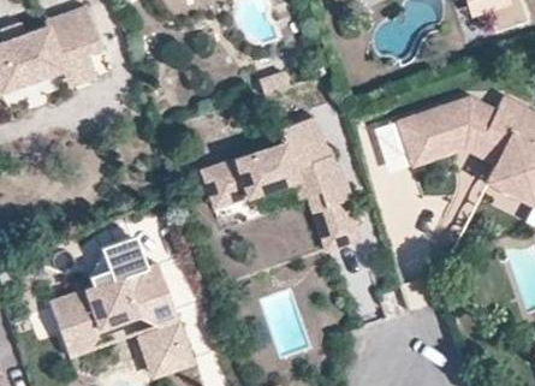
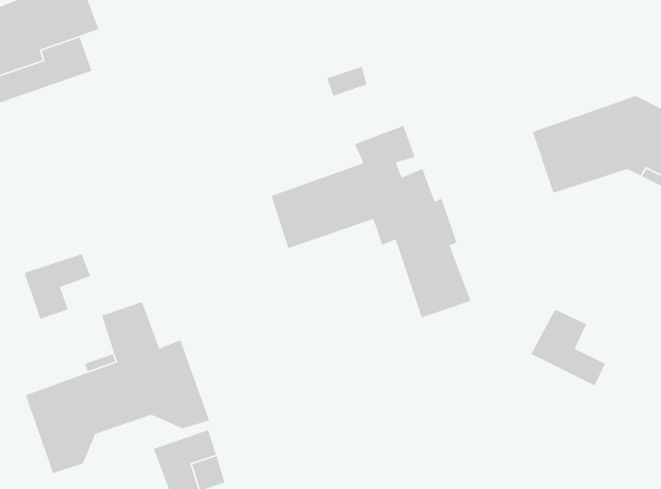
building: none -> [23,253,91,320]
building: none -> [530,308,606,387]

